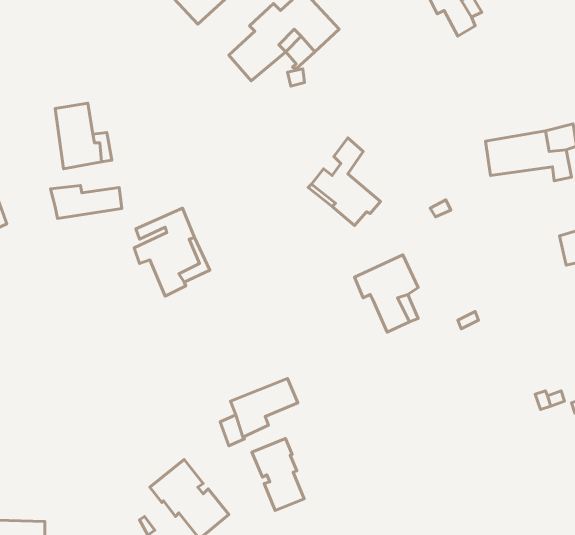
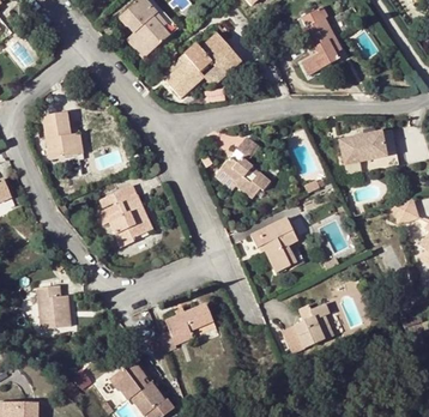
building: [50,185,122,219] -> none
building: none -> [36,285,70,327]
building: none -> [294,302,331,346]
building: [252,439,304,510] -> none

